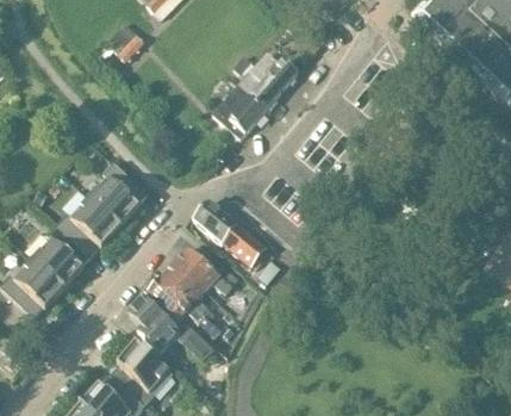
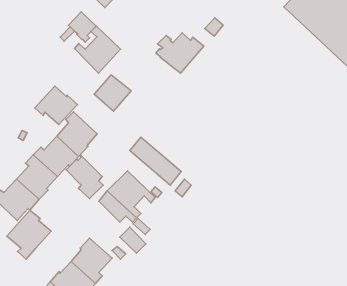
building: none -> [74,26,121,73]
building: [213,85,266,136] -> [94,75,131,111]
building: none -> [35,86,77,124]
building: [129,288,181,349] -> [66,156,103,198]
building: none -> [7,210,51,259]

